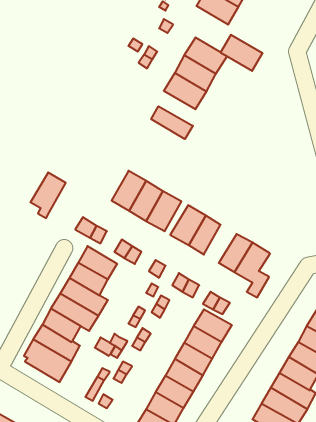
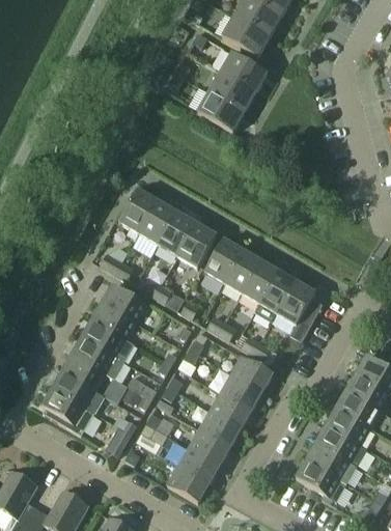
building: [221,35,263,71] -> [223,16,270,56]
building: [151,106,193,139] -> none
building: [30,172,66,218] -> [119,188,159,239]
building: none -> [243,259,279,302]

